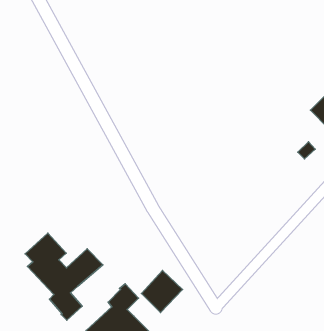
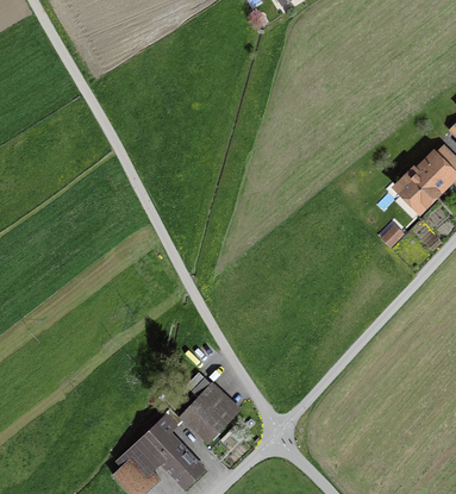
building: [25,233,103,320] -> none

